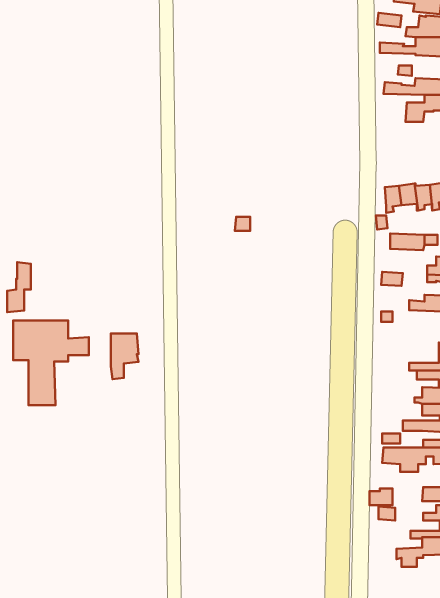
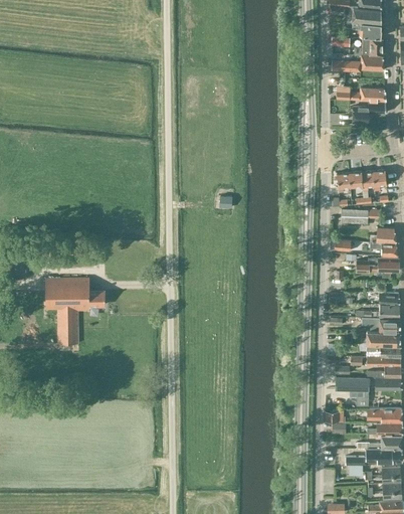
building: [7,262,31,312] -> none
building: [111,334,138,379] -> none

